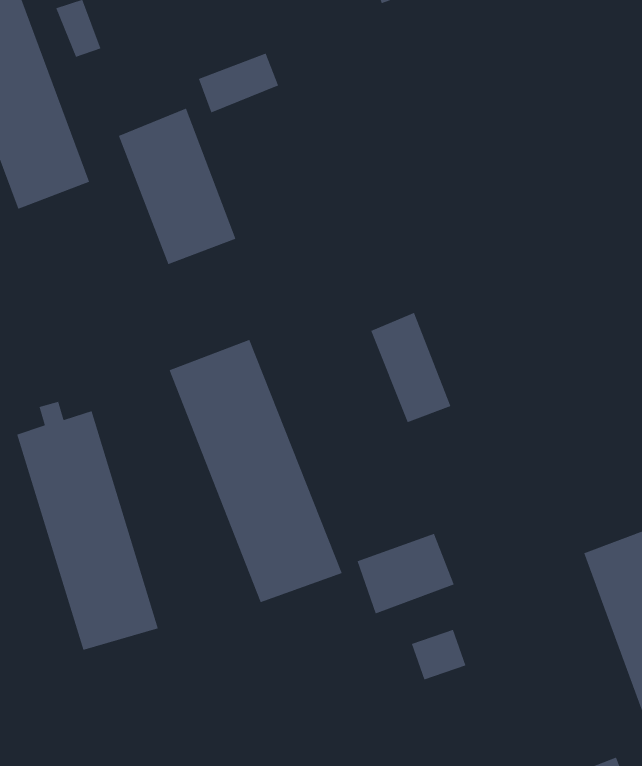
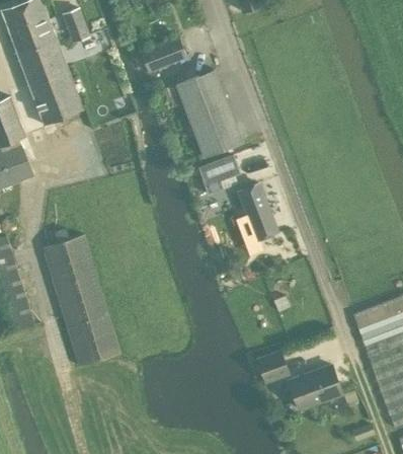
building: [118,108,237,265] -> [177,71,242,157]
building: none -> [198,155,240,196]
building: [169,339,343,603] -> none
building: [357,533,455,614] -> [289,366,342,410]

